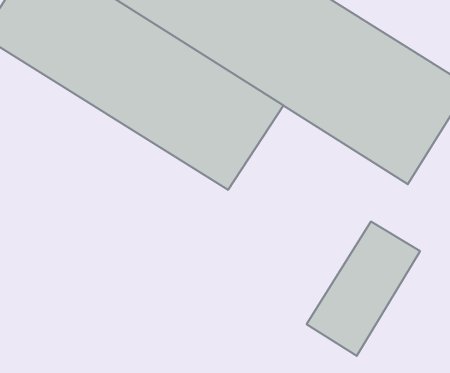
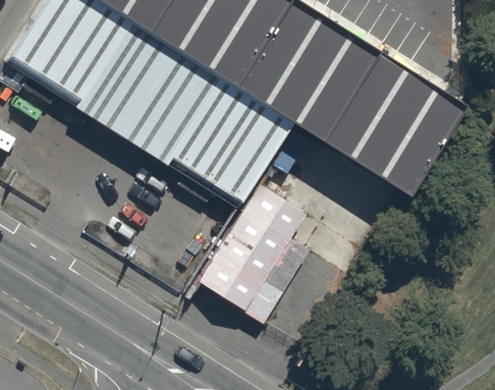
building: [307,222,420,356] -> [200,190,306,316]

